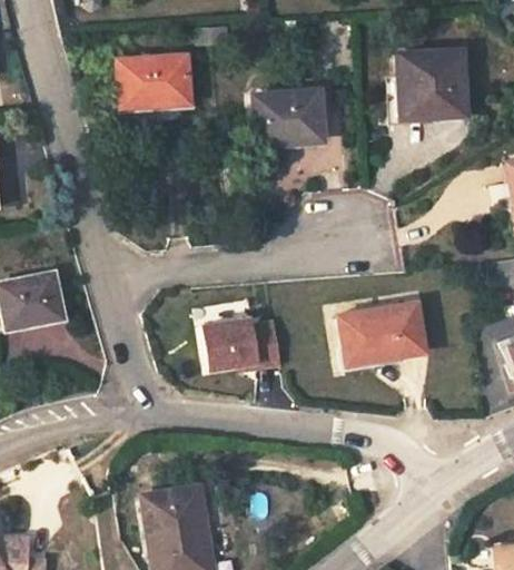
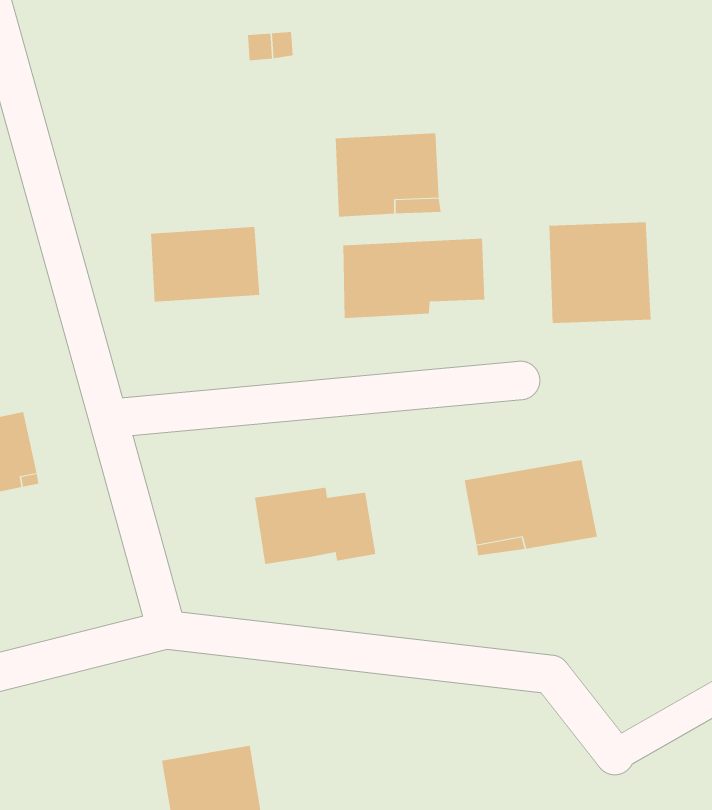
building: [398,51,465,117] -> [549,222,652,323]
building: [118,56,189,105] -> [150,226,260,302]
building: none -> [343,238,485,319]

